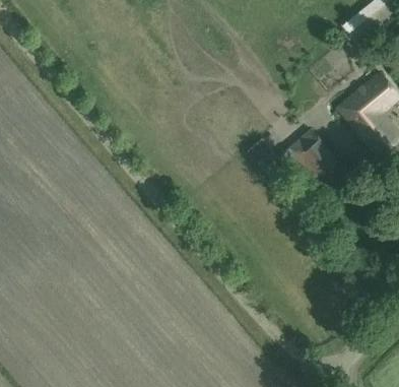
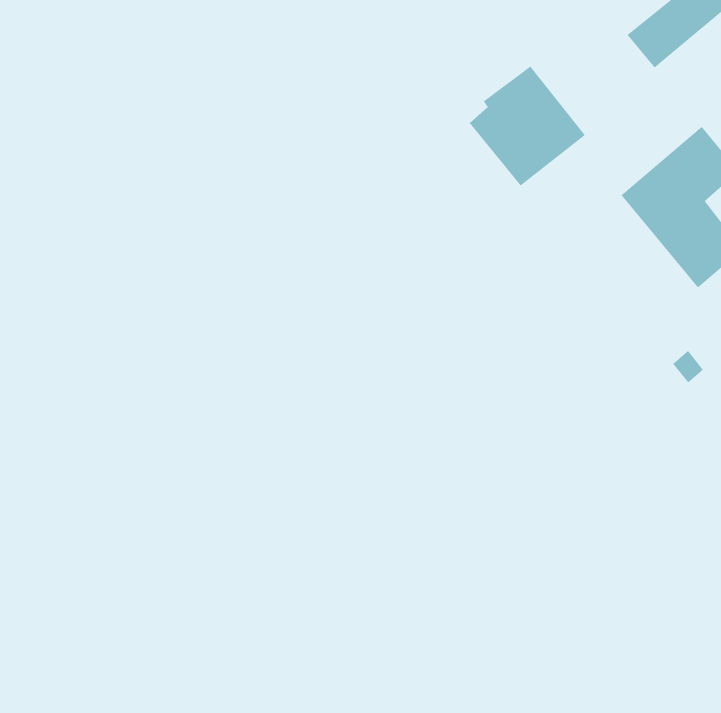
building: [280,128,340,190] -> [469,66,586,187]

